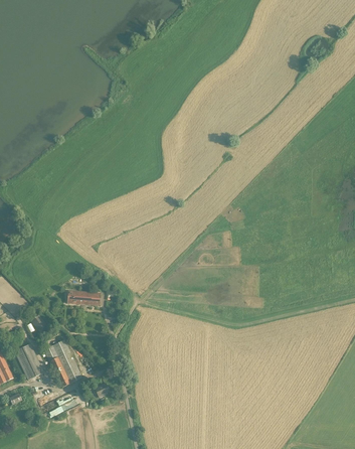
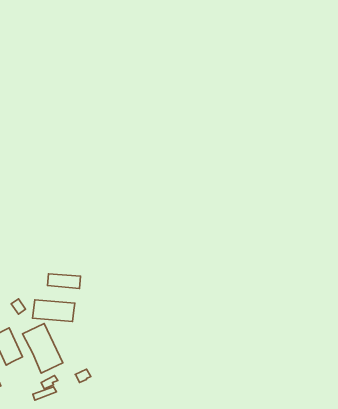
building: none -> [33,300,75,322]

